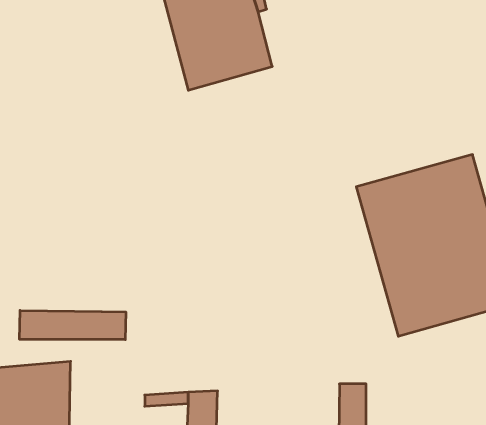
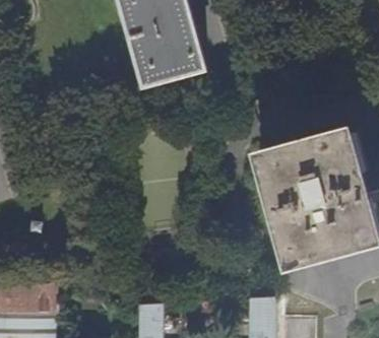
building: [20,310,126,340] -> none

